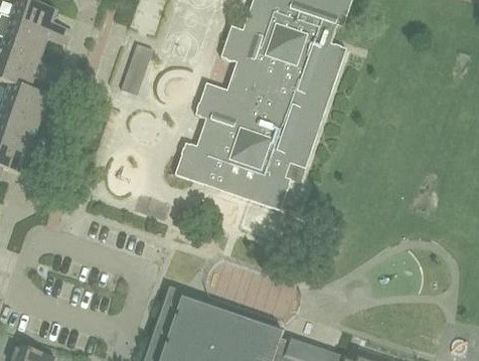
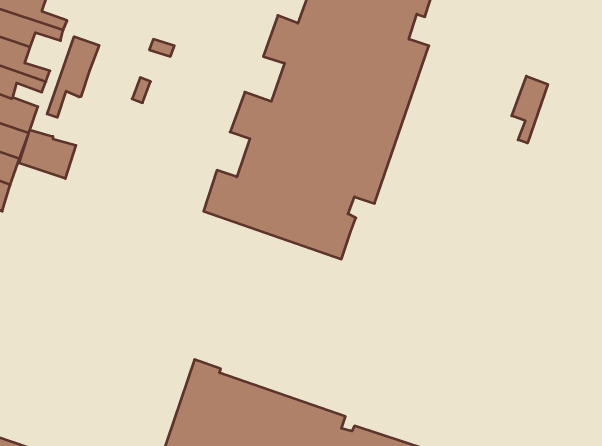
building: none -> [47,37,99,117]
building: none -> [512,76,548,143]
building: none -> [19,130,76,179]

